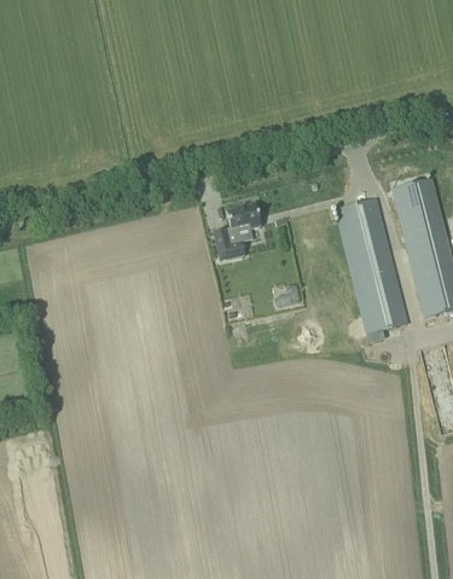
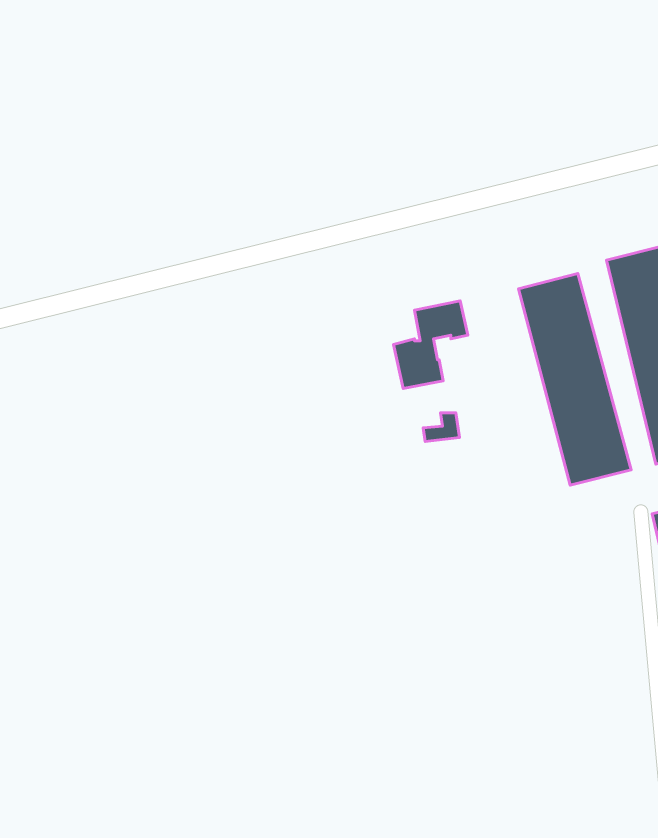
building: [214,203,261,259] -> [394,301,468,388]

